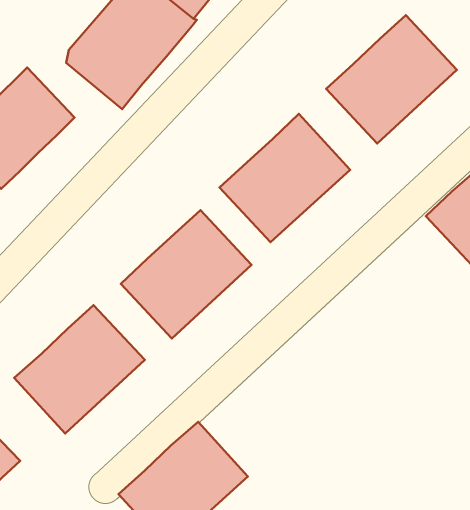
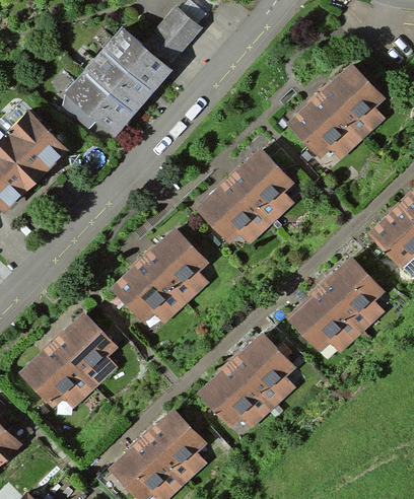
building: none -> [286,255,398,364]
building: none -> [197,331,307,440]

